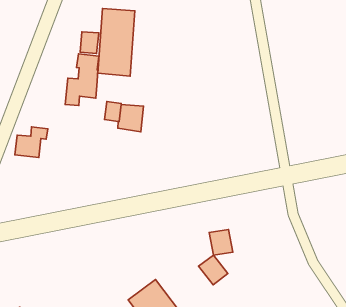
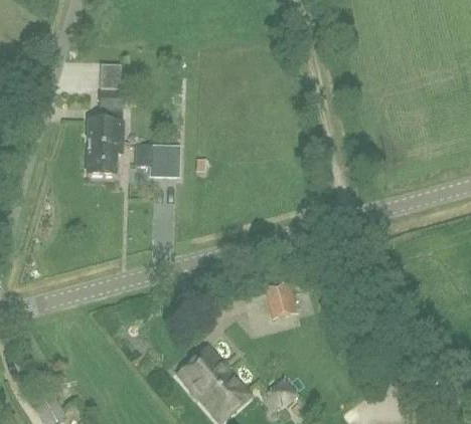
building: [98,8,135,76] -> none
building: [15,127,48,157] -> [87,141,123,176]
building: [199,255,228,285] -> none

